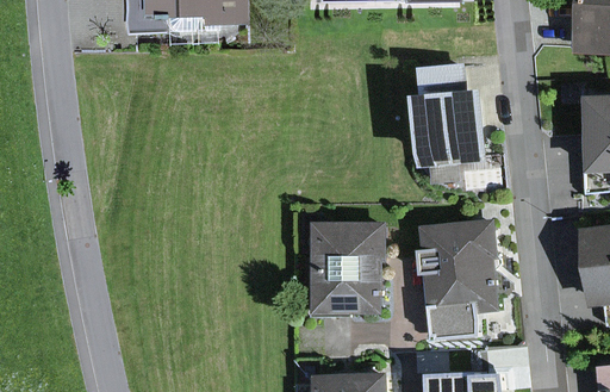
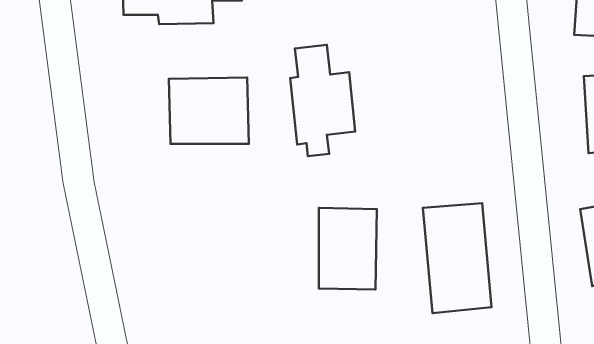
building: [421,63,486,175] -> [290,45,355,156]
building: none -> [169,77,249,144]

